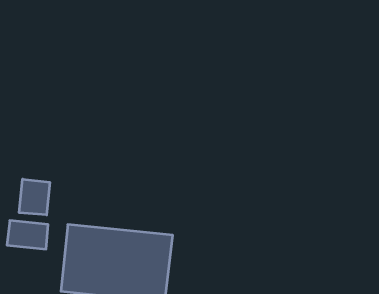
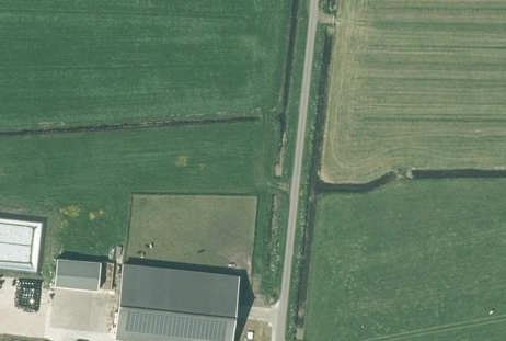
building: [19,179,50,215] -> none

